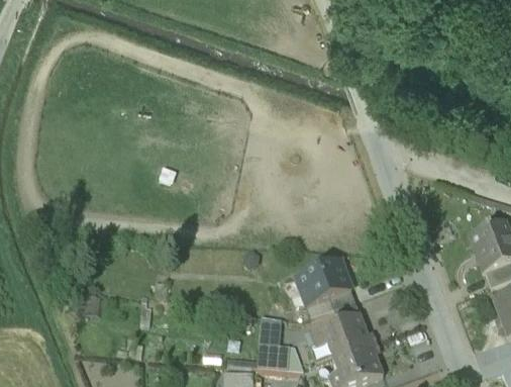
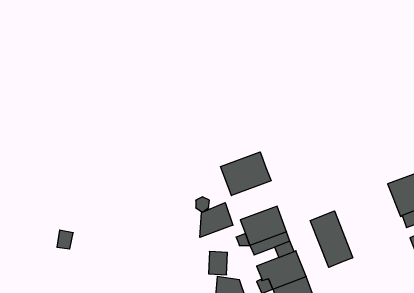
building: none -> [220,152,271,196]
building: none -> [200,203,233,237]
building: none -> [310,211,353,267]

